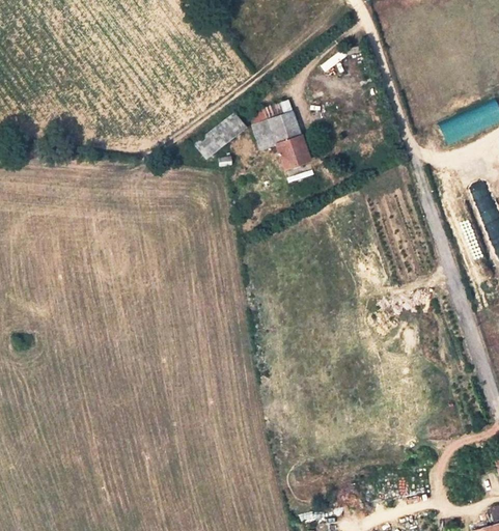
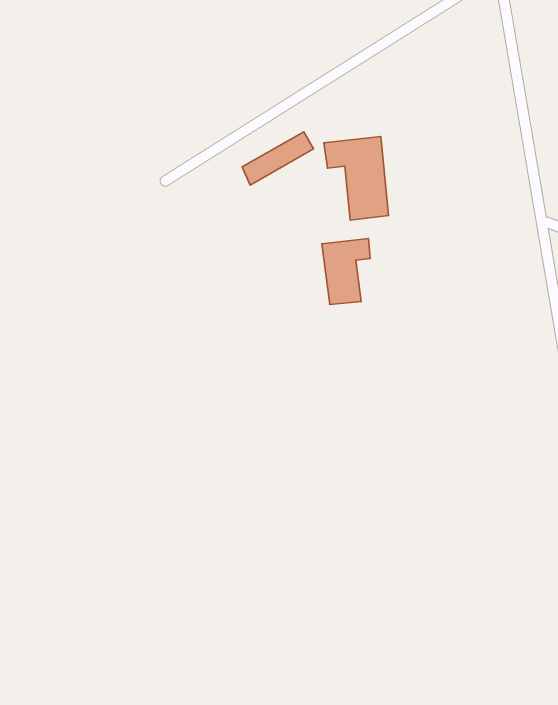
building: none -> [322,239,370,304]

